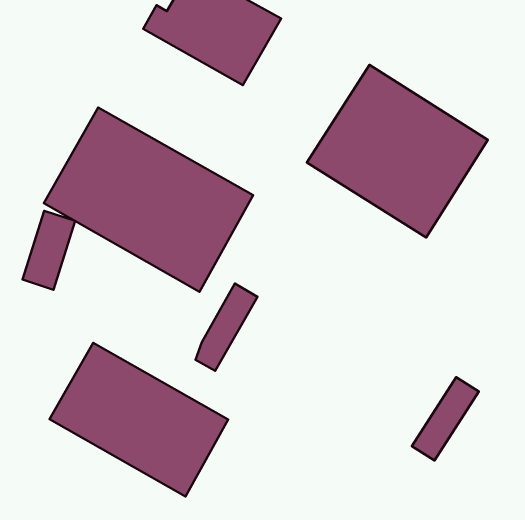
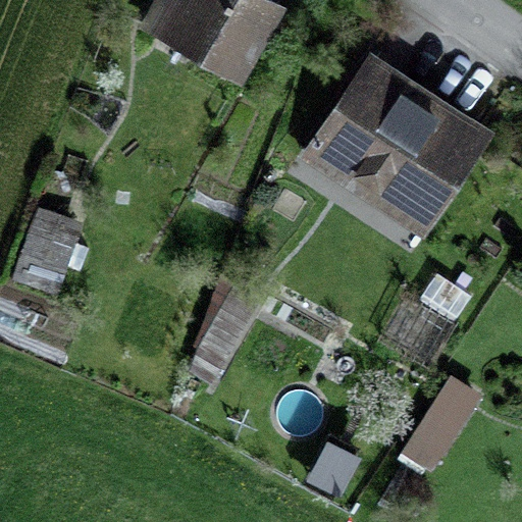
building: [44,107,253,292] -> none
building: [50,343,228,497] -> none

